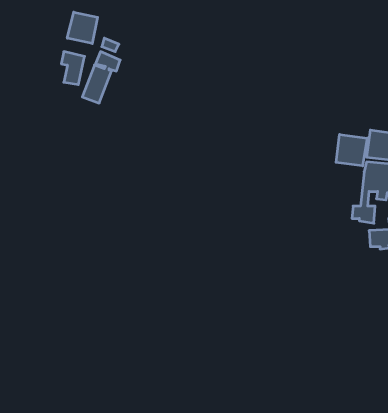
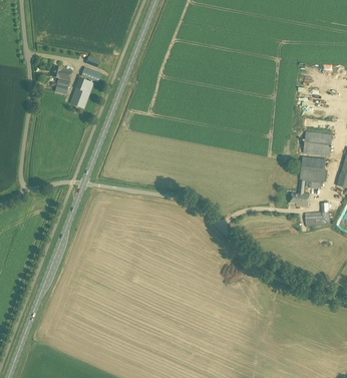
building: [67,12,98,44] -> none
building: [336,134,367,166] -> none

